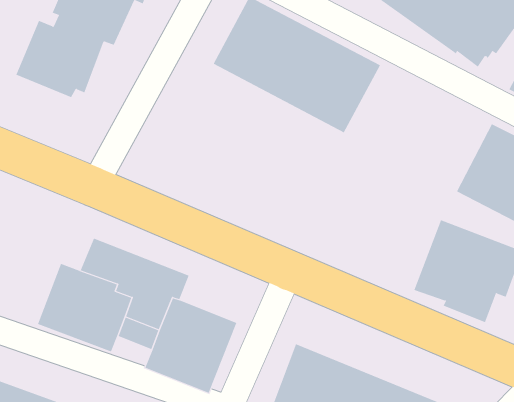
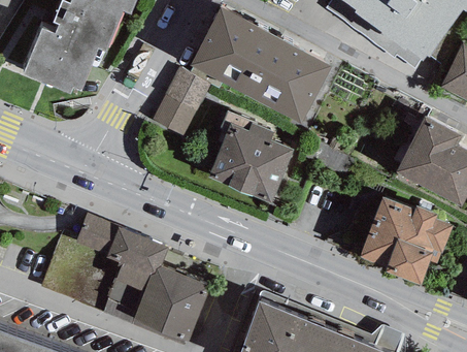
building: none -> [152,65,210,133]
building: none -> [208,108,295,202]

